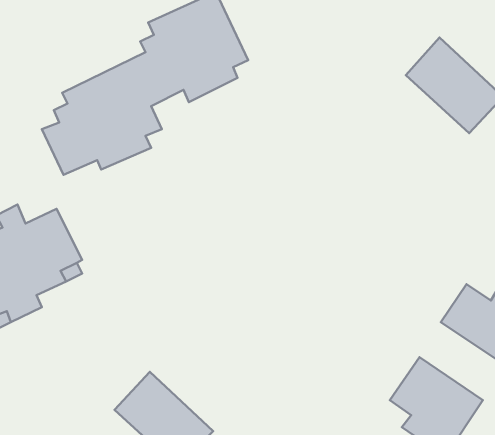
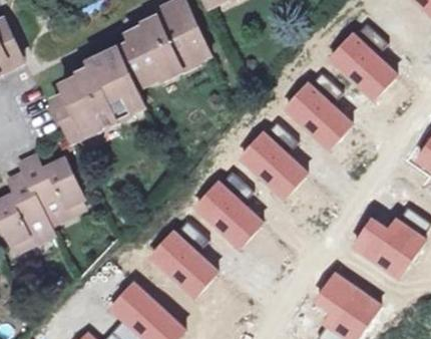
building: none -> [282,80,355,151]
building: none -> [238,130,310,202]
building: none -> [192,180,265,251]
building: none -> [149,230,222,301]

